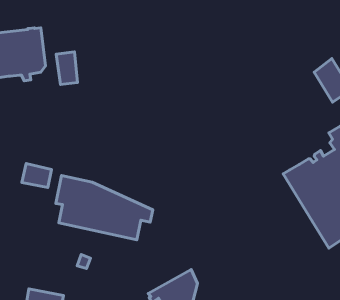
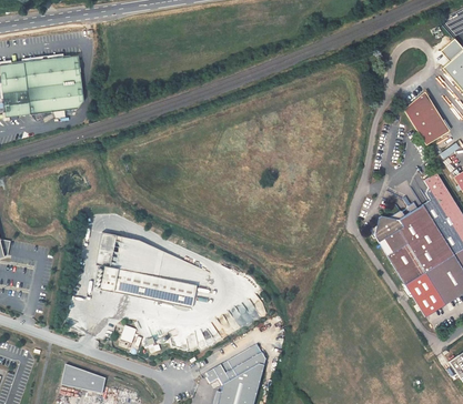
building: [56,52,78,85] -> none
building: [22,163,52,188] -> none

